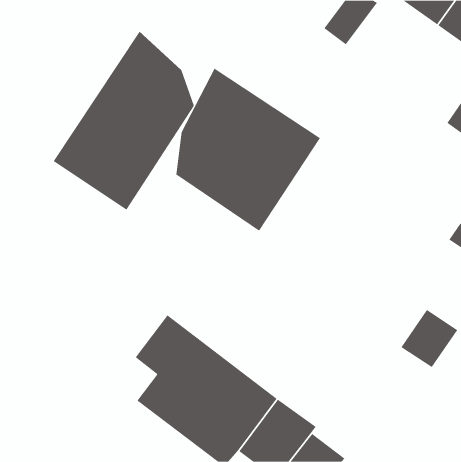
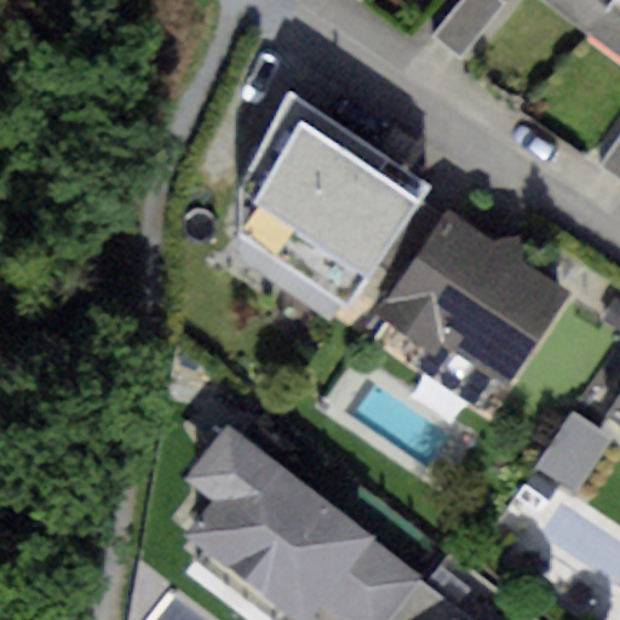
building: [53,31,194,210] -> none
building: none -> [379,211,569,407]

